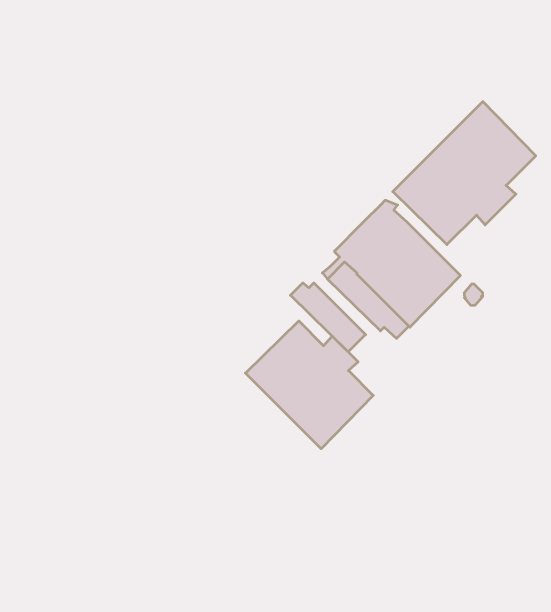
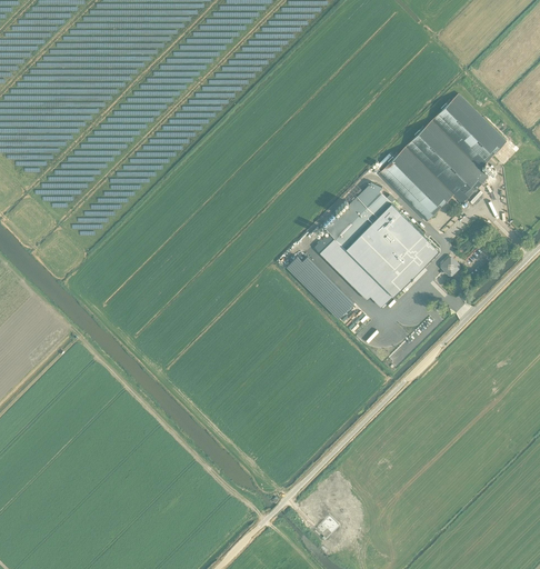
building: [245,321,373,449] -> none

